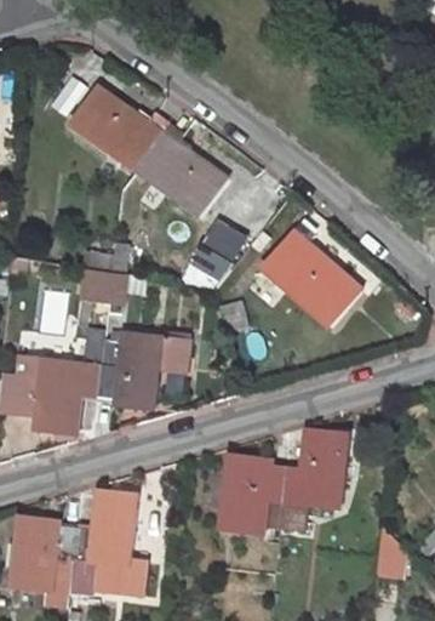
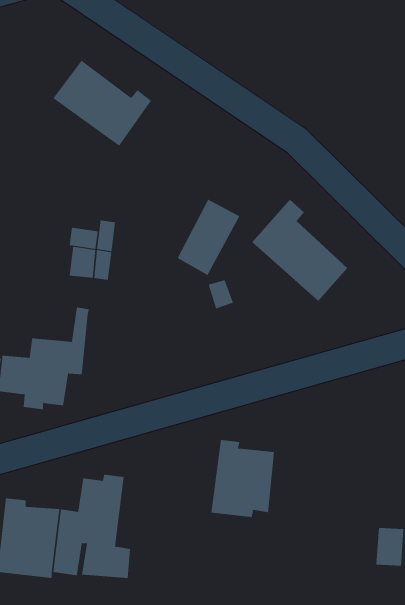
building: [132,125,225,216] -> none
building: [96,329,185,405] -> none
building: [277,433,344,530] -> none

